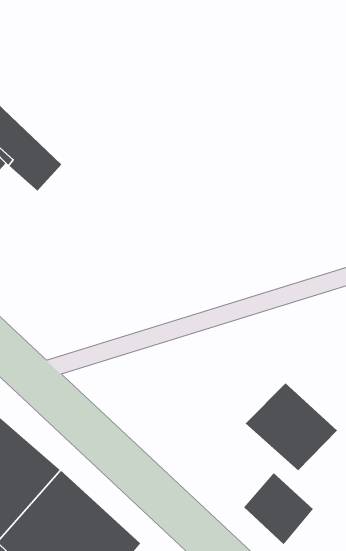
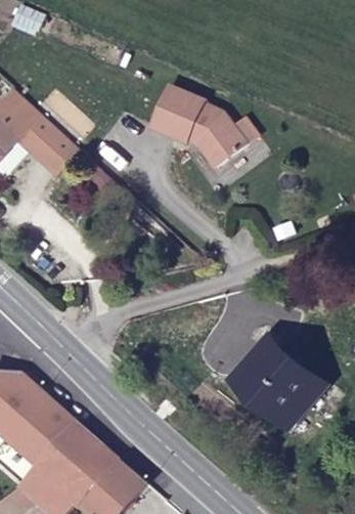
building: none -> [148,81,241,167]
building: [243,472,314,545] -> none

